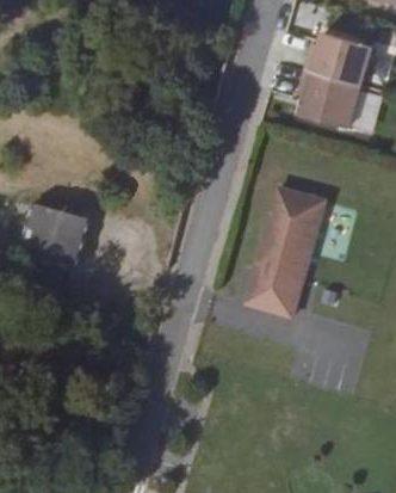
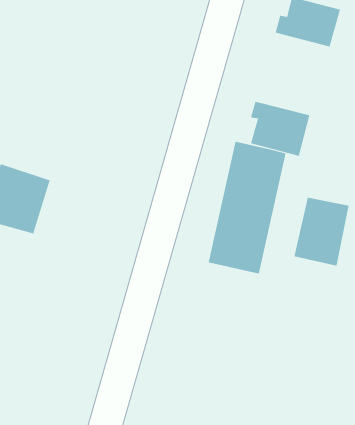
building: [304,70,365,127] -> [250,101,310,156]
building: none -> [294,197,349,267]

